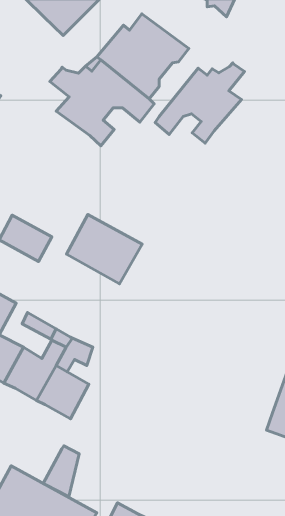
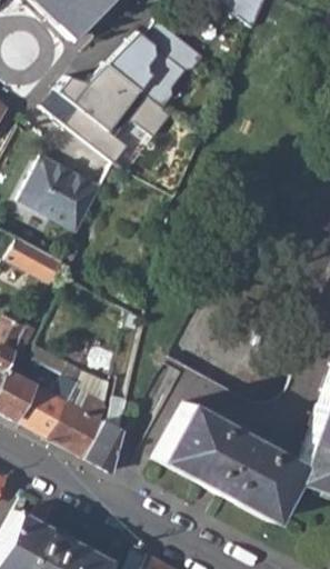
building: [155,63,245,143] -> none
building: [66,214,142,284] -> [21,156,103,231]
building: none -> [163,397,303,510]
building: [43,446,79,497] -> [83,418,122,473]

